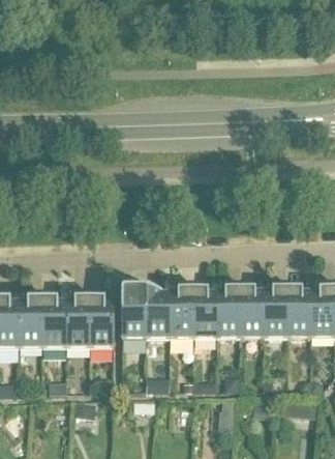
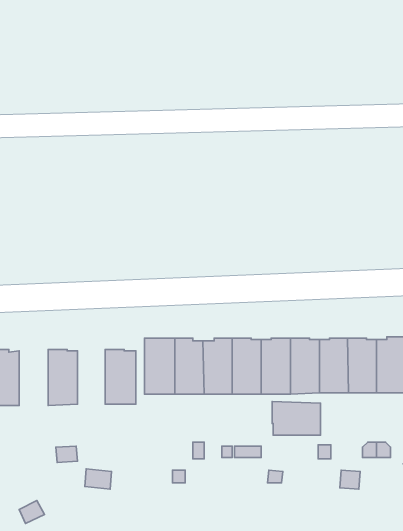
building: [19,299,42,345] -> none
building: [66,299,89,344] -> none
building: none -> [272,402,321,435]

